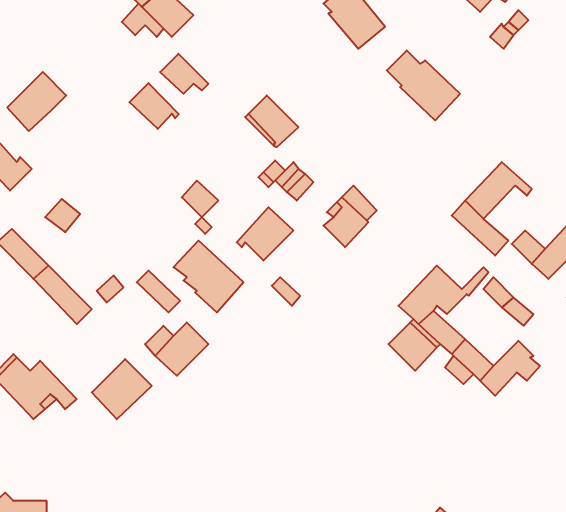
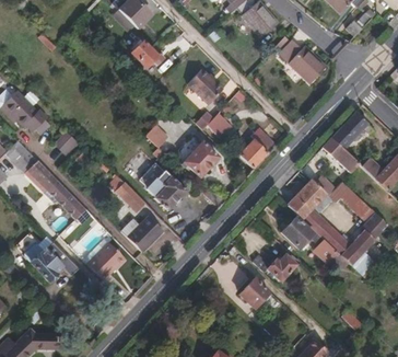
building: [7,72,66,131] -> none
building: [129,83,179,129] -> none
building: none -> [254,254,295,280]
building: none -> [239,277,269,308]

